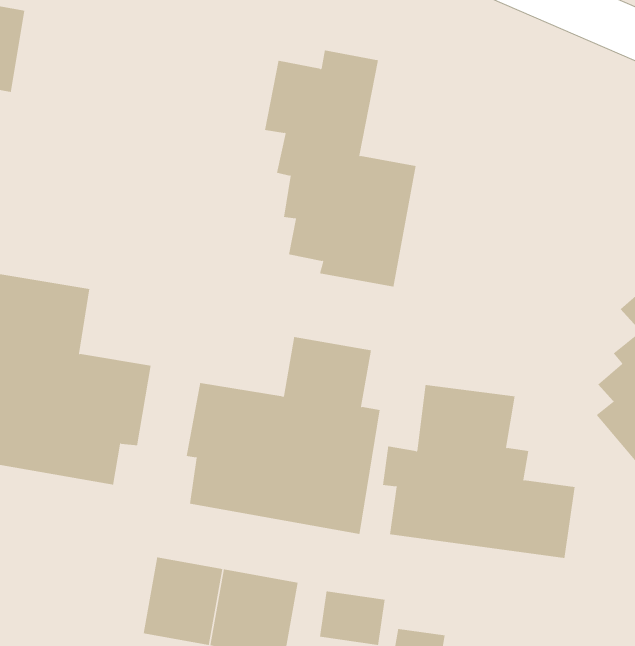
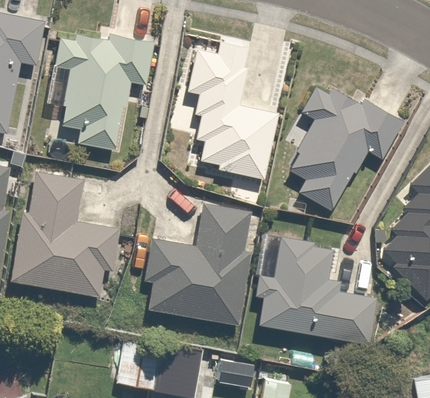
building: none -> [53,33,153,150]
building: none -> [288,77,399,209]

